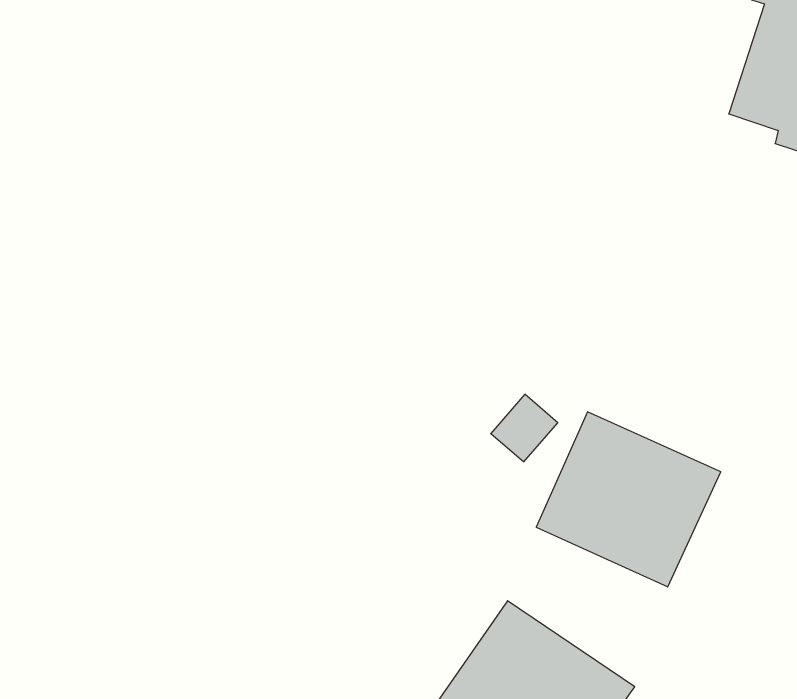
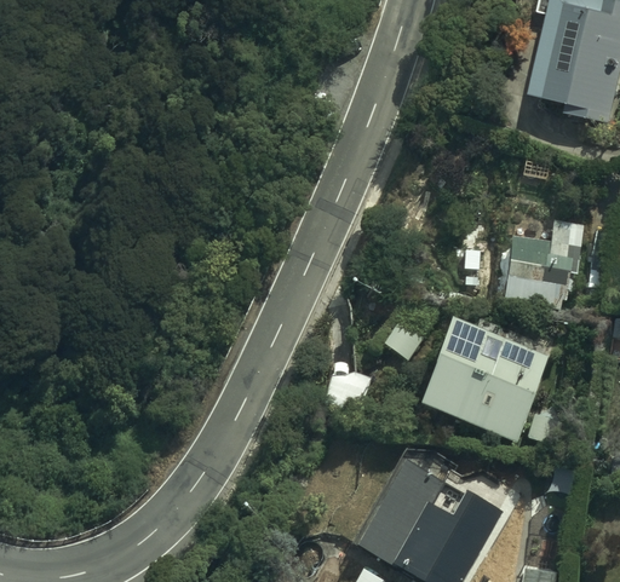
building: none -> [503,218,582,307]

